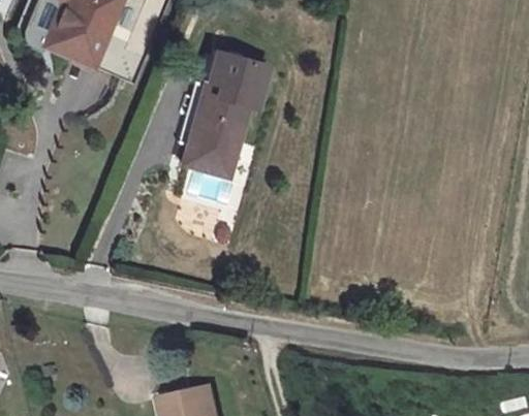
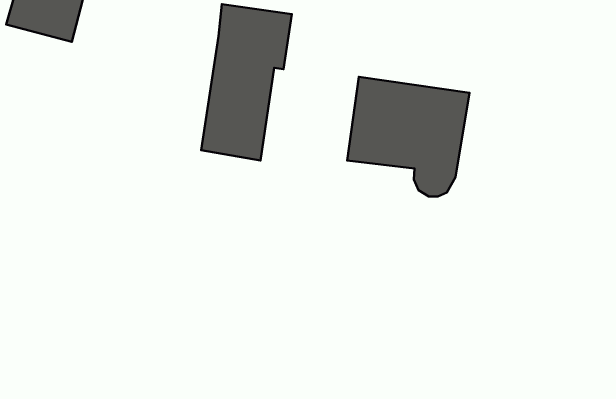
building: none -> [347,77,470,197]

